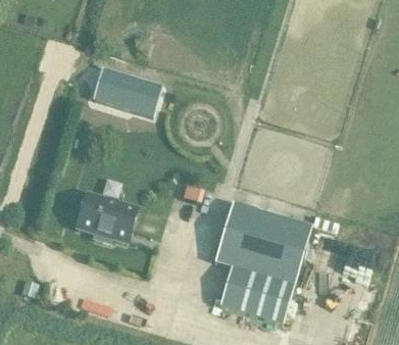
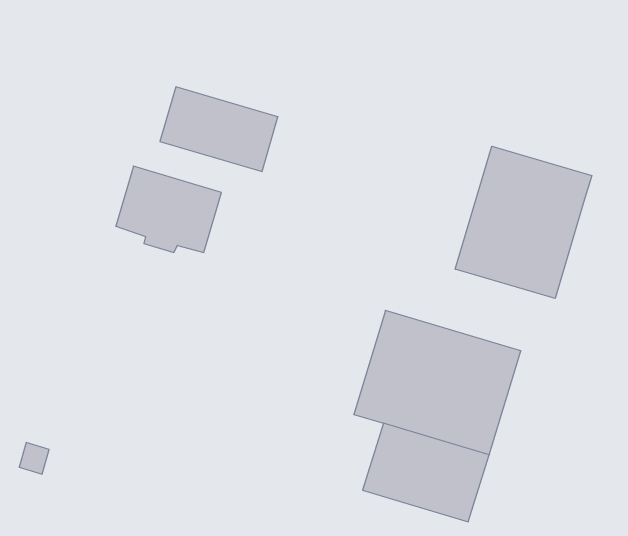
building: none -> [455,146,592,298]
building: [76,192,137,242] -> [116,166,221,252]

